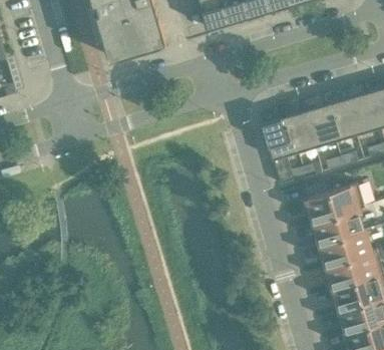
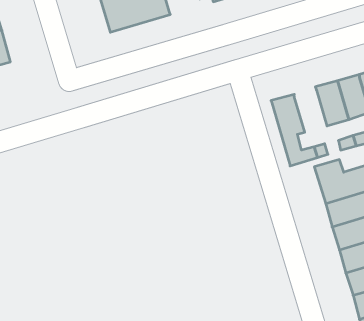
building: [284,111,315,154] -> none

